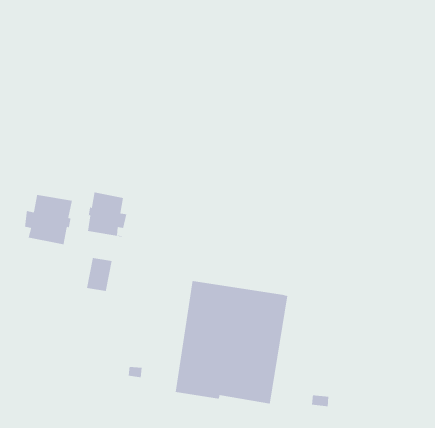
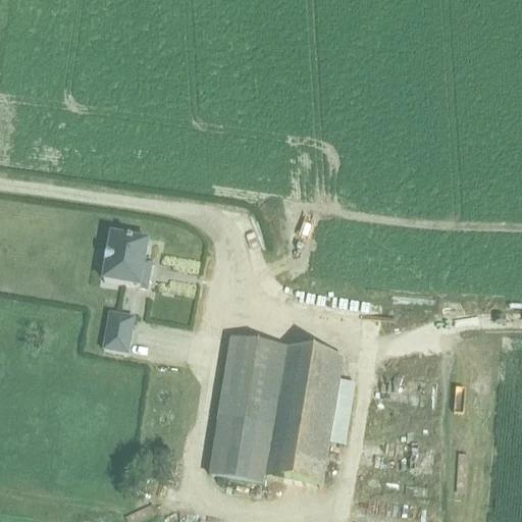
building: [22,194,72,245] -> none

